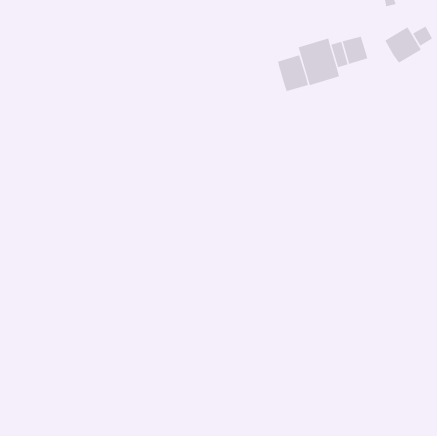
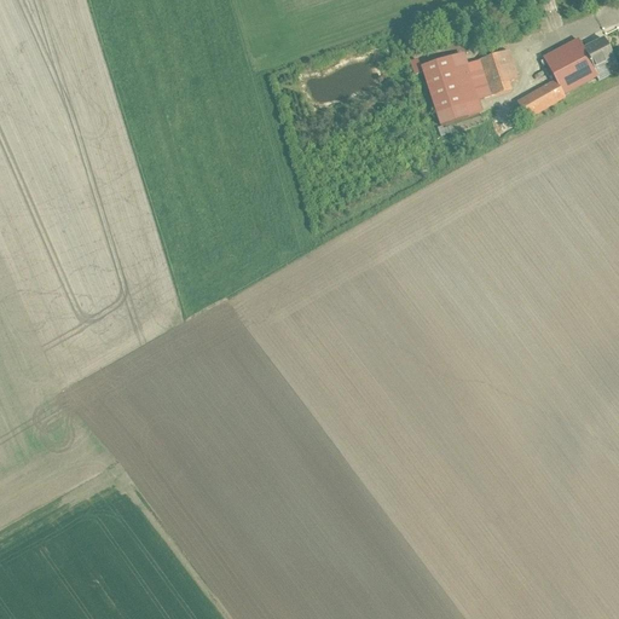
building: [277,55,309,92] -> none
building: none -> [520,79,566,115]

